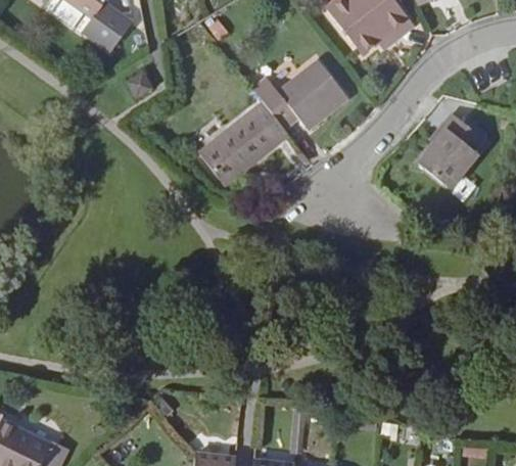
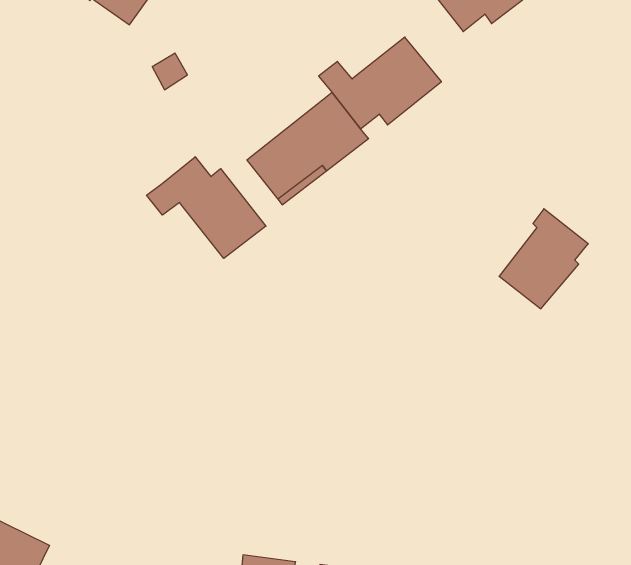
building: [418,112,485,188] -> [499,209,588,309]
building: none -> [147,157,266,258]

